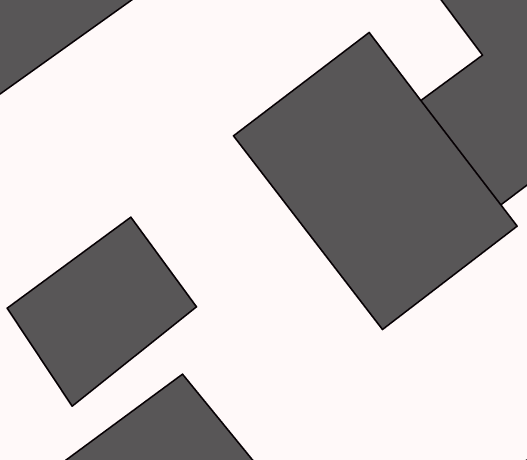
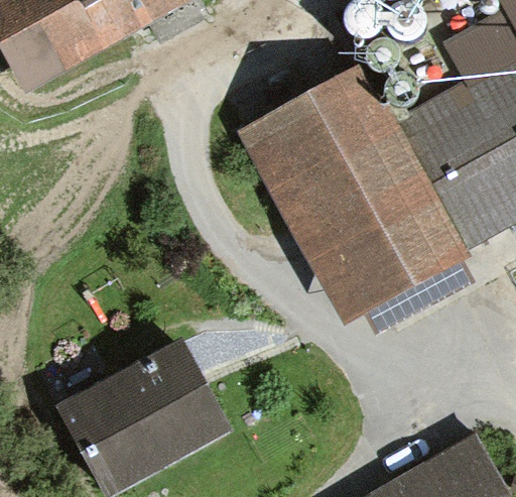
building: [7,217,197,406] -> none

